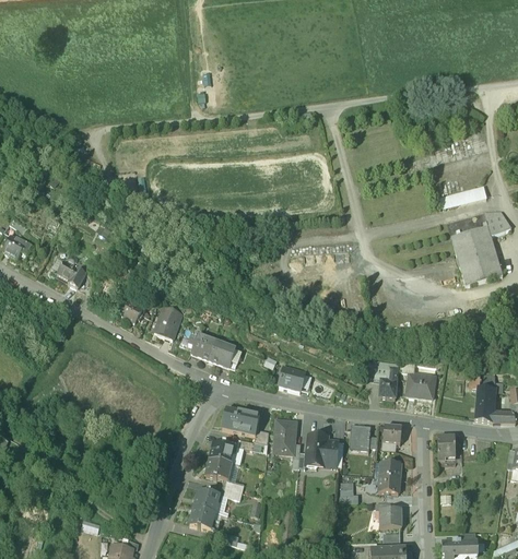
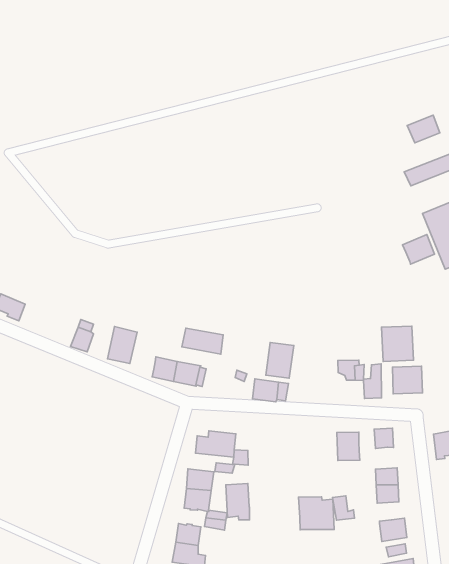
building: none -> [407,115,440,143]
building: none -> [402,235,435,264]
building: none -> [182,328,223,354]
building: none -> [382,326,413,361]
building: none -> [266,343,294,378]
building: [273,420,295,454] -> [226,483,250,520]
building: [305,433,338,466] -> [299,497,334,530]

